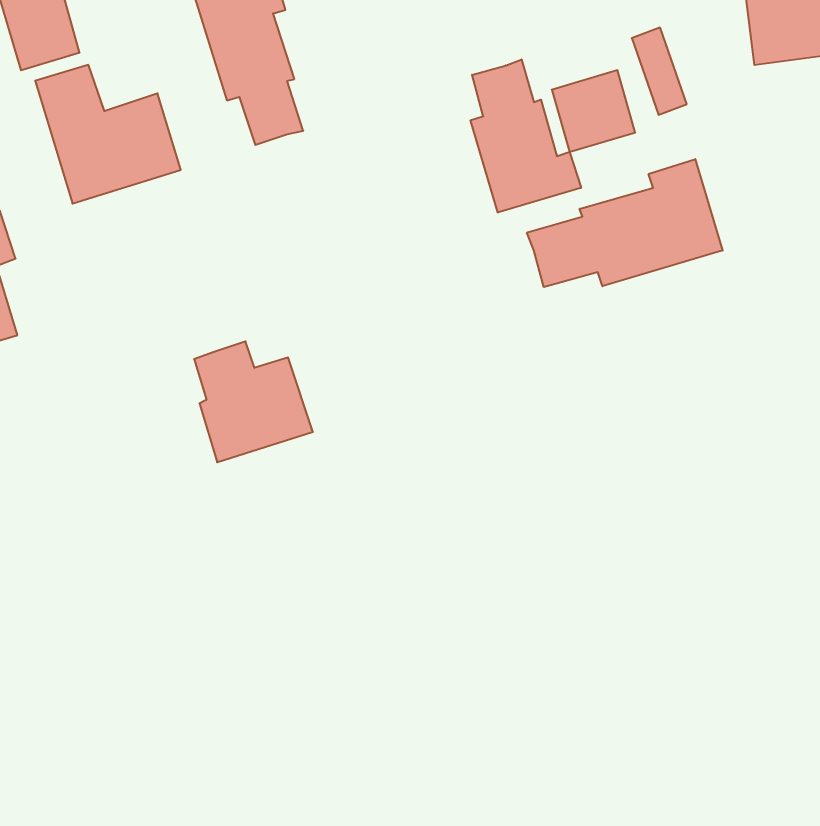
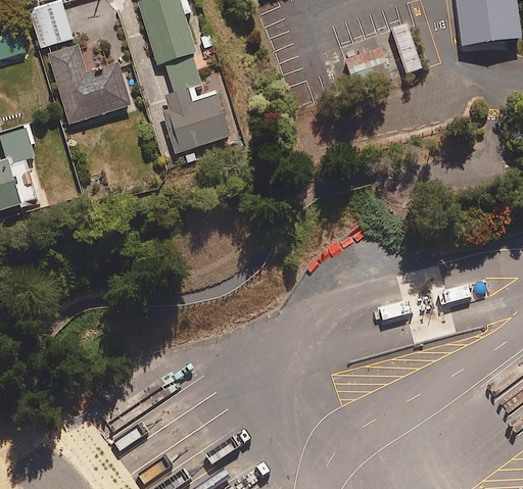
building: [471,59,581,213] -> none
building: [527,159,723,287] -> none
building: [194,341,313,462] -> [162,84,231,153]

